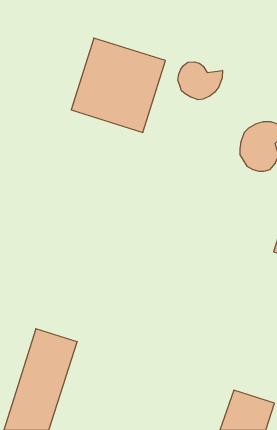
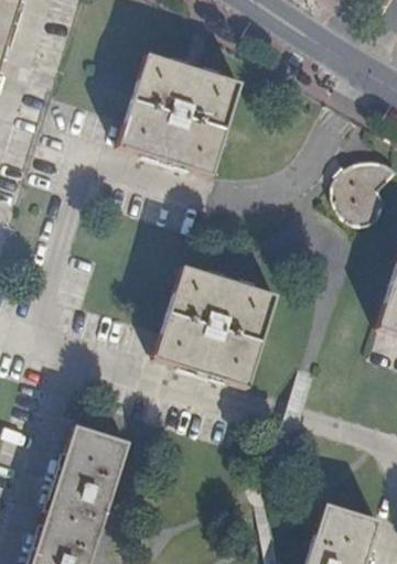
building: [178,62,222,100] -> none
building: none -> [154,264,276,386]

